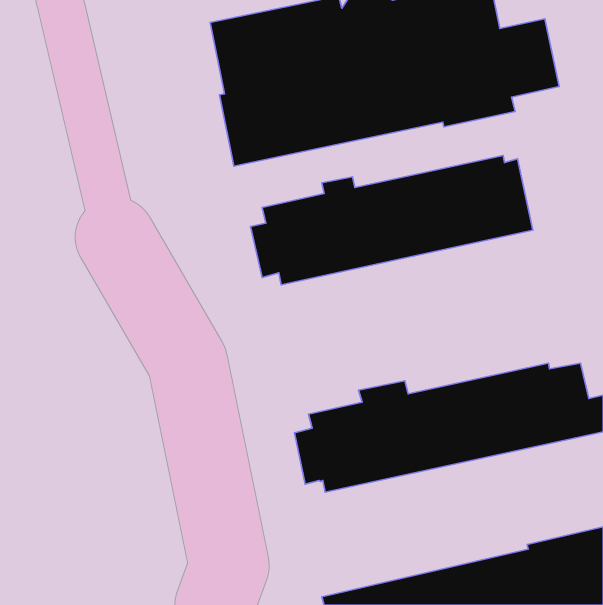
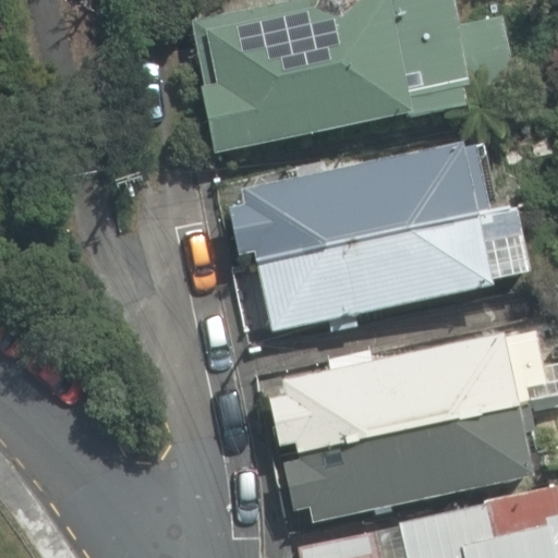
building: none -> [258,206,520,332]
building: none -> [284,402,535,520]

